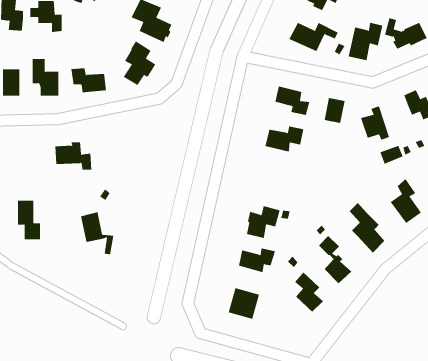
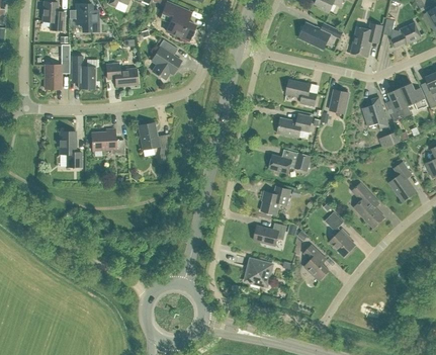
building: none -> [386,87,411,120]
building: none -> [269,151,312,173]
building: [17,200,41,240] -> [60,130,81,166]
building: [80,212,114,255] -> [138,121,168,160]

